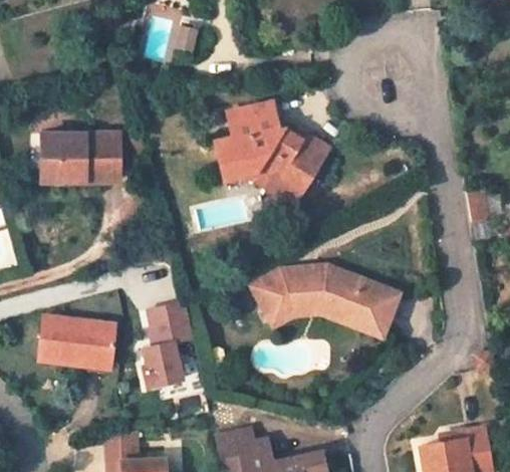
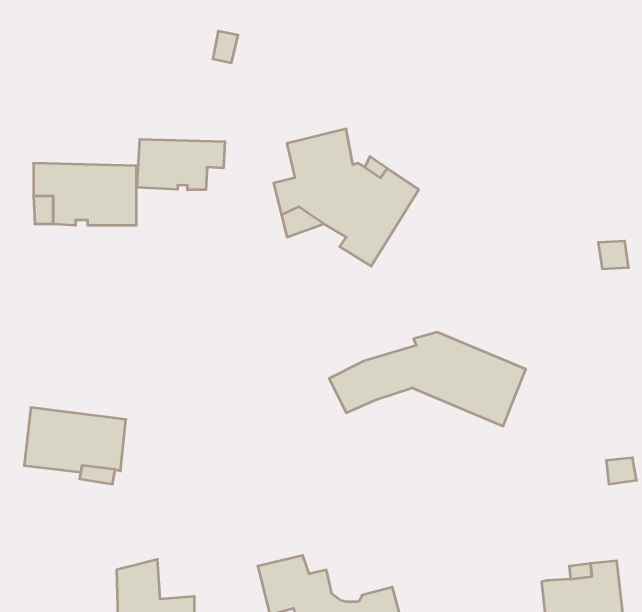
building: none -> [137,139,225,190]
building: [277,298,397,336] -> none
building: [136,302,192,394] -> none

